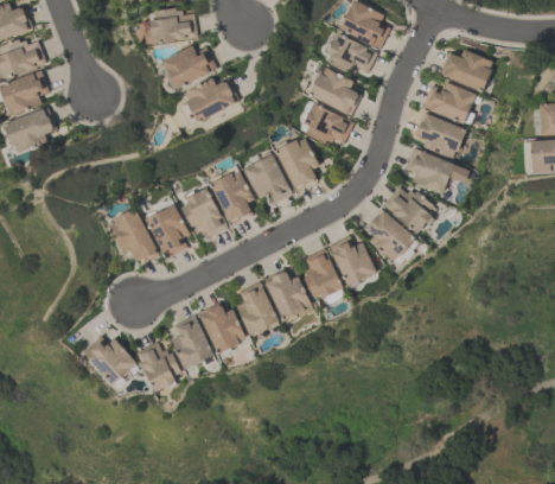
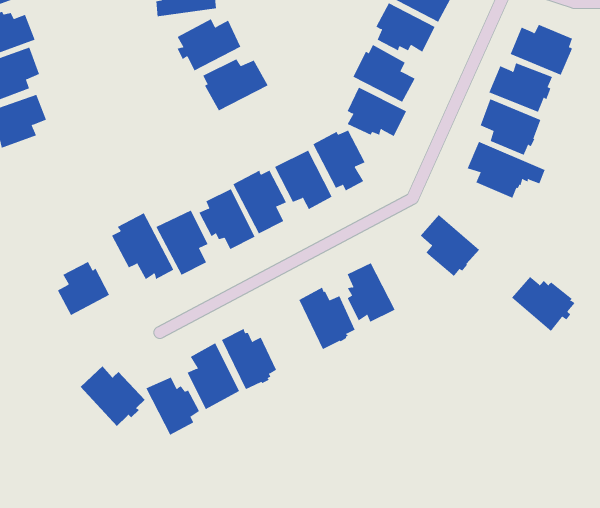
building: [382,186,435,233] -> [511,276,575,332]
building: [328,235,376,284] -> none
building: none -> [57,261,110,316]
building: [237,281,280,335] -> none

